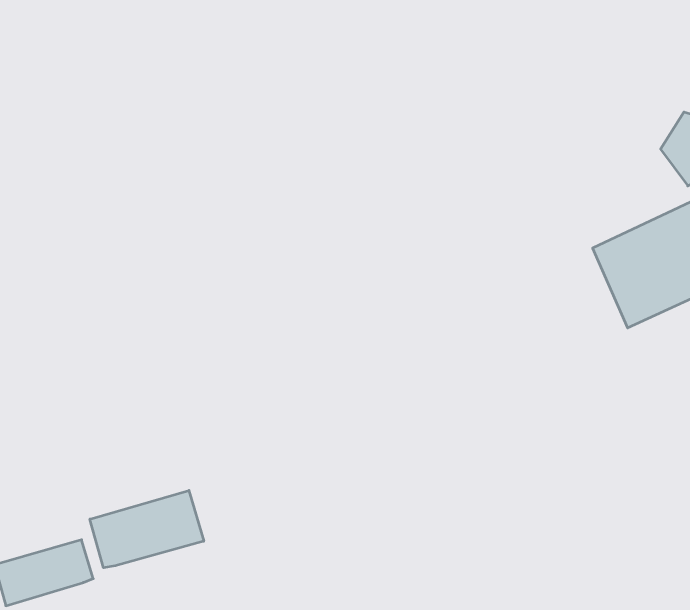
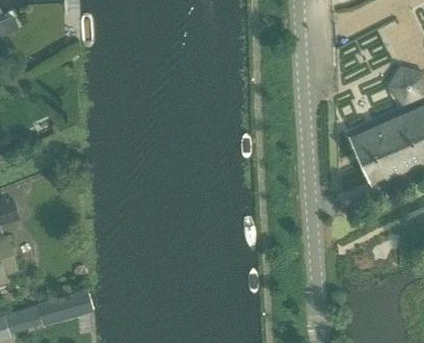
building: [90,490,204,568] -> none

